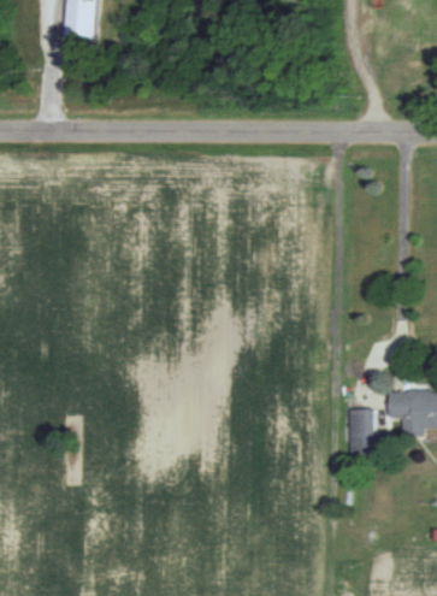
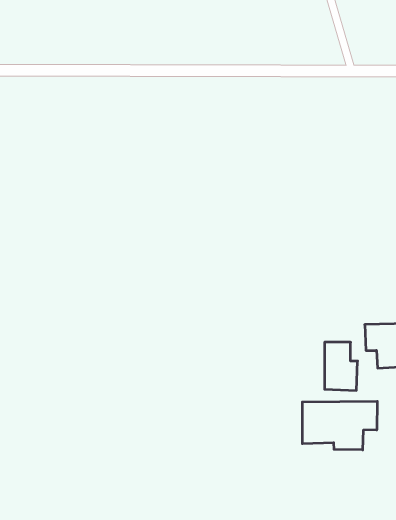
building: none -> [302,401,377,450]

